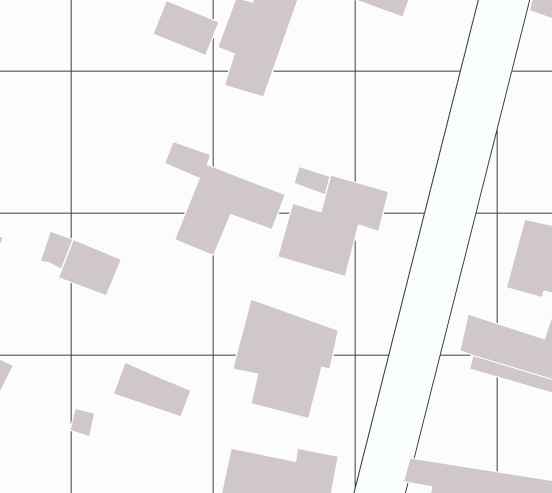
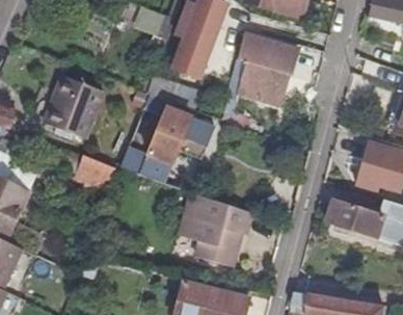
building: none -> [42,74,100,137]
building: [278,175,389,276] -> [236,42,305,105]
building: [113,362,191,417] -> [120,146,169,180]

